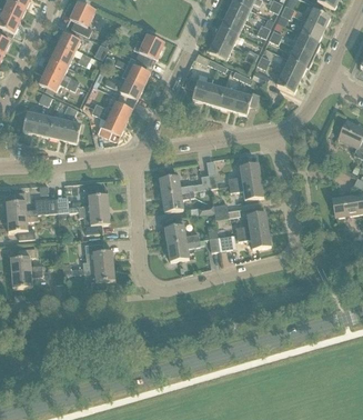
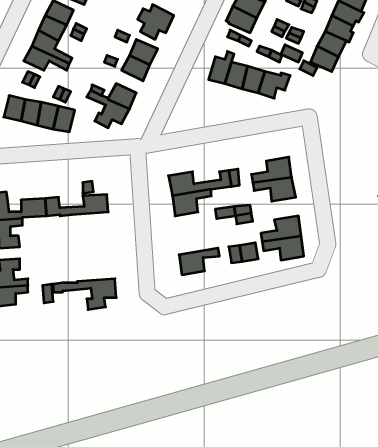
building: [79,208,111,232] -> none
building: [164,219,200,243] -> none
building: [83,242,114,266] -> none

